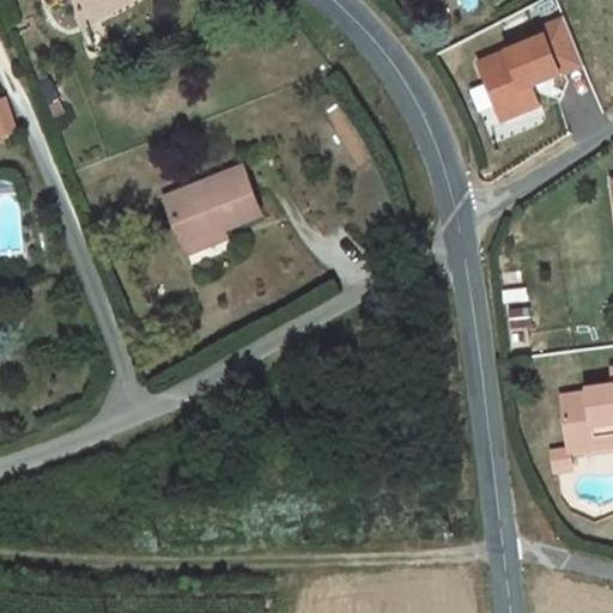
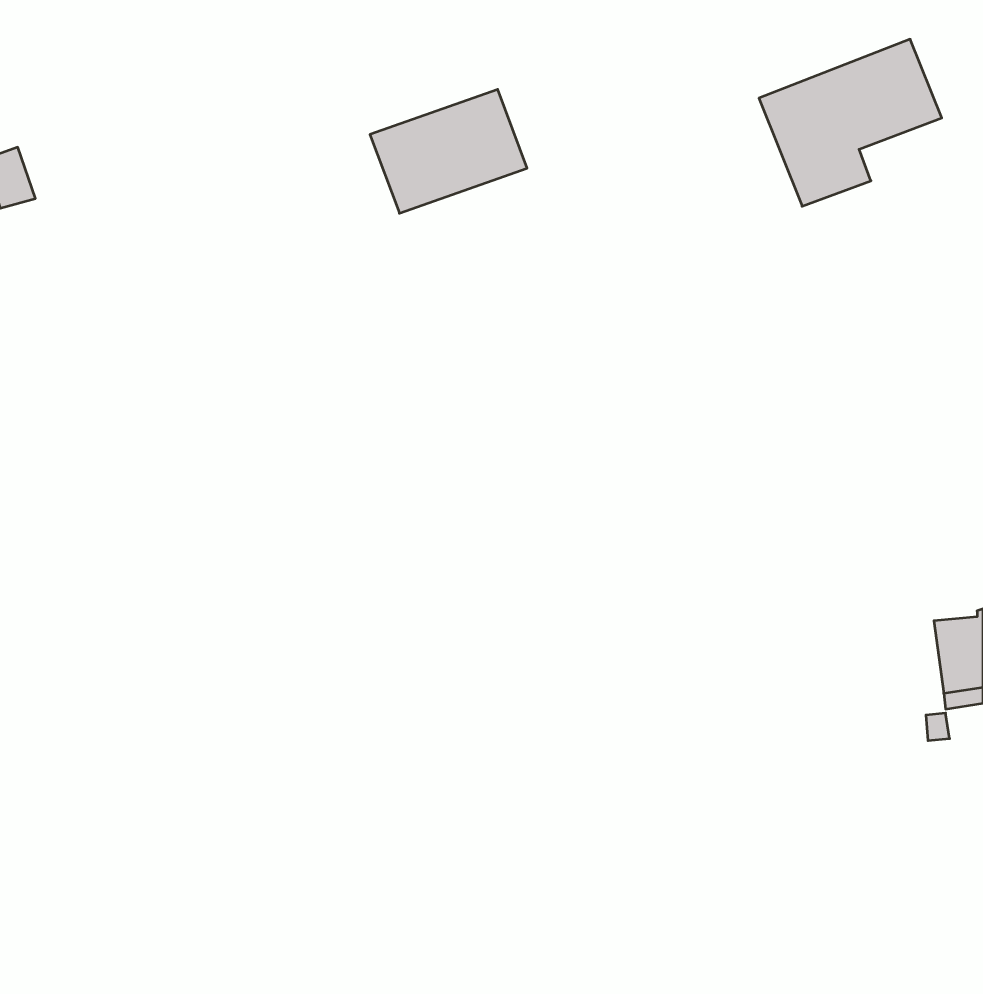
building: [168,164,263,239] -> [370,89,527,213]

